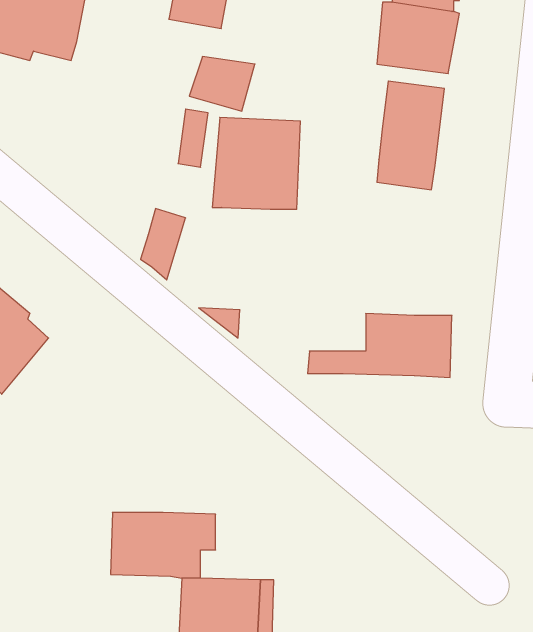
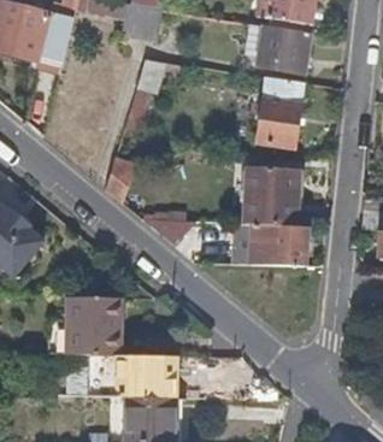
building: [212,117,300,209] -> [243,164,300,223]
building: none -> [66,293,119,349]

